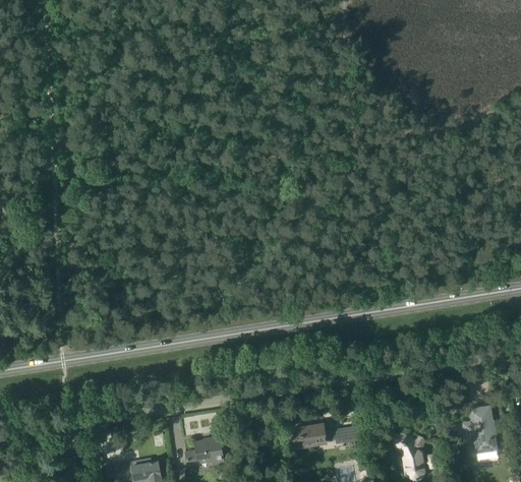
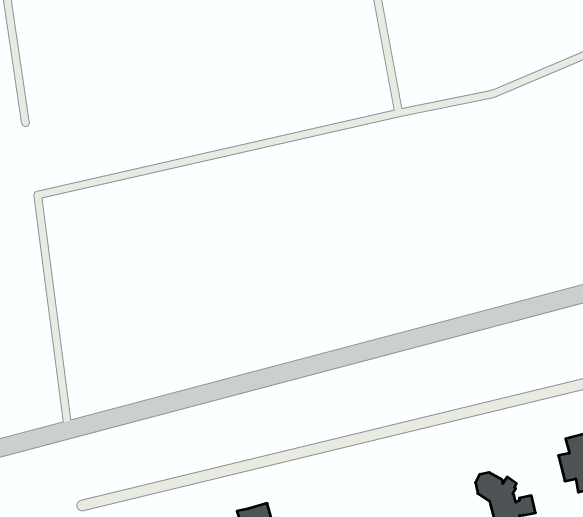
building: [292,424,358,448] -> none

